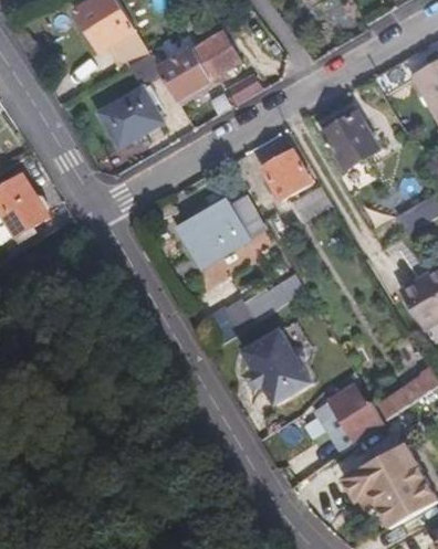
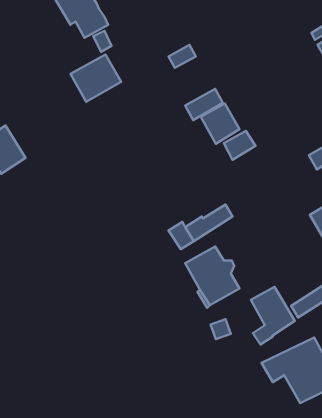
building: [157,31,240,98] -> none
building: [325,109,379,166] -> none
building: [173,199,247,267] -> none

